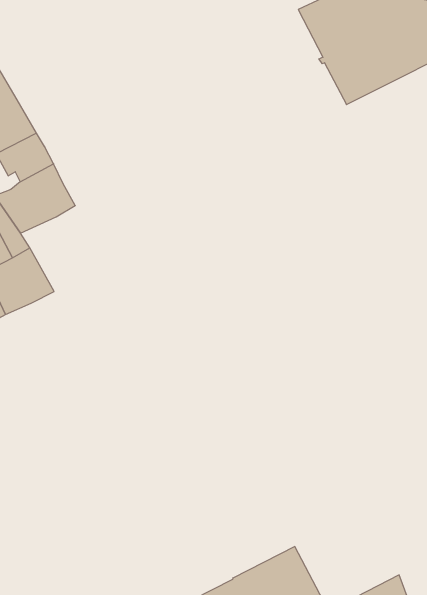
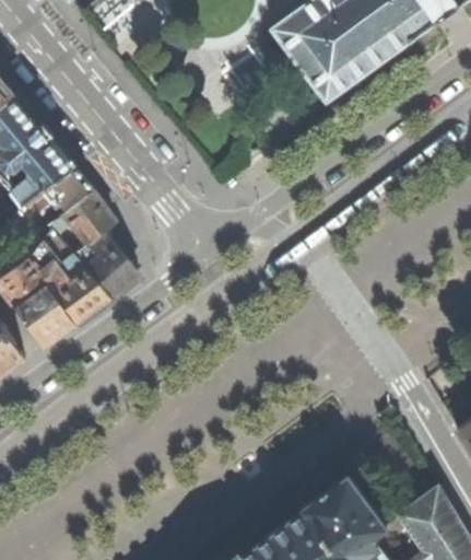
building: none -> [74,236,138,299]

